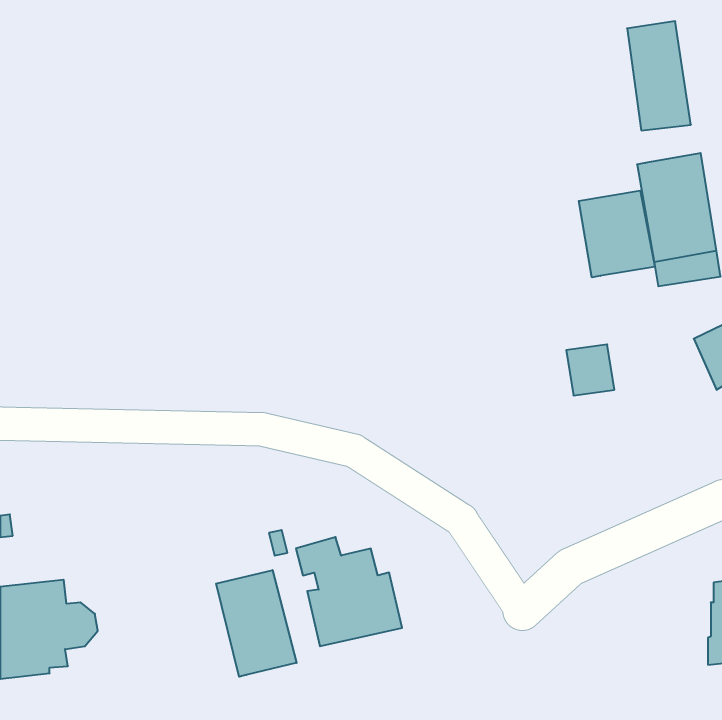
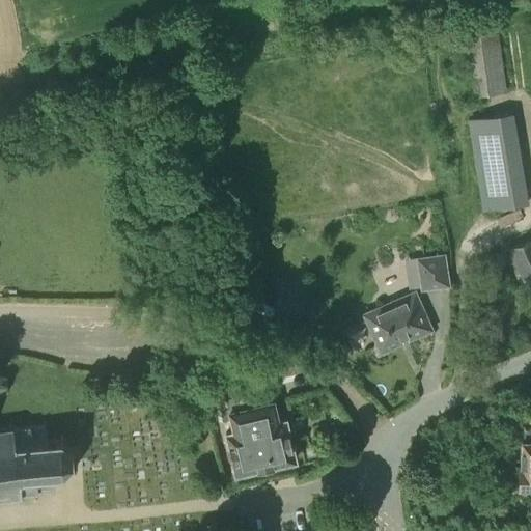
building: [579,191,655,277] -> none
building: none -> [364,294,432,354]
building: [216,570,297,677] -> none

